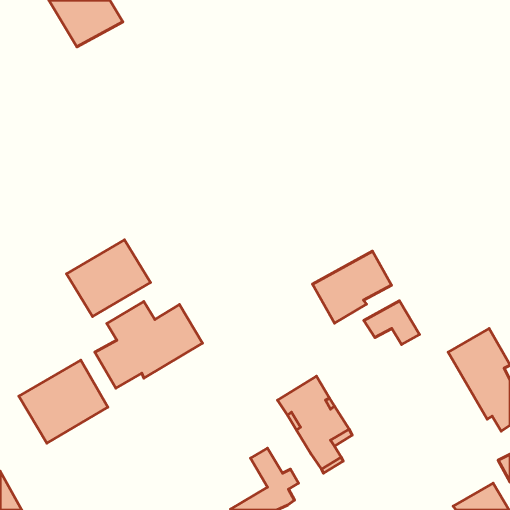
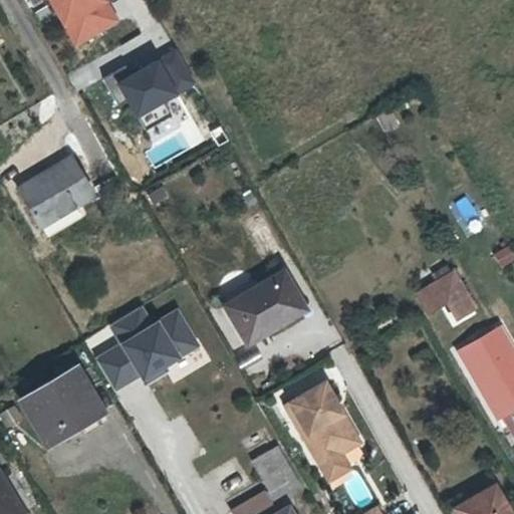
building: none -> [119,45,200,130]
building: [67,240,150,317] -> [17,152,101,229]
building: [313,251,391,323] -> [224,274,303,346]
building: [364,301,420,345] -> [418,274,474,318]

